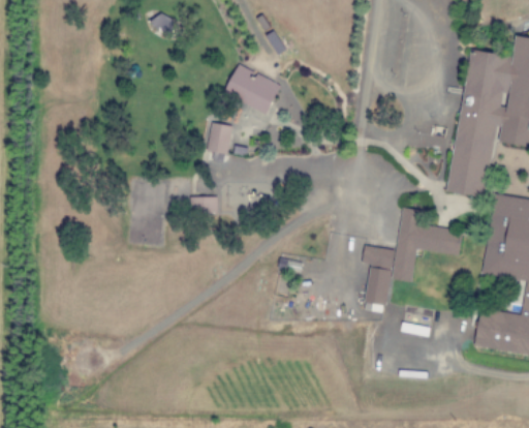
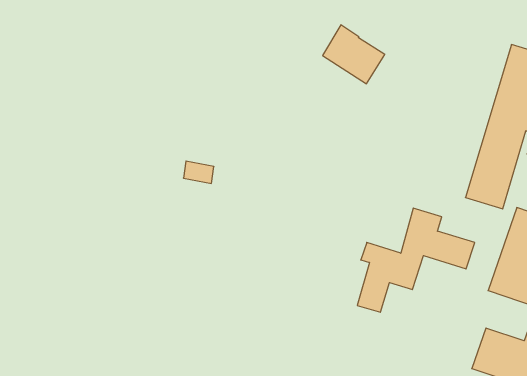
building: [225,64,281,114] -> [323,25,385,84]
building: [208,124,234,156] -> none

